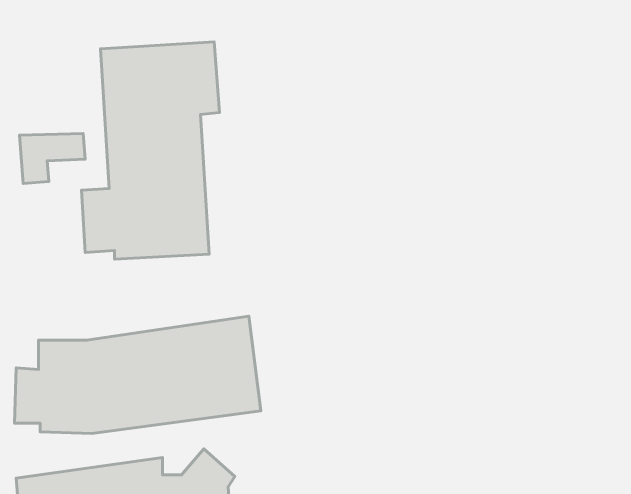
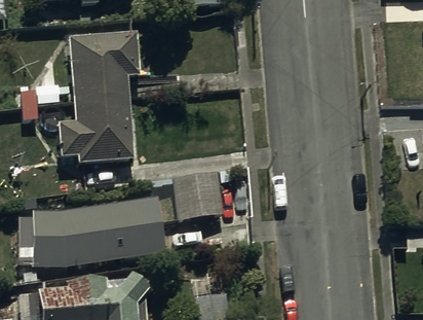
building: none -> [172,169,223,241]

